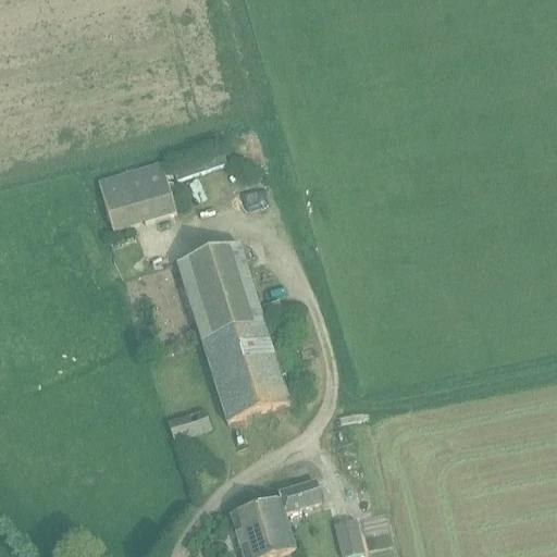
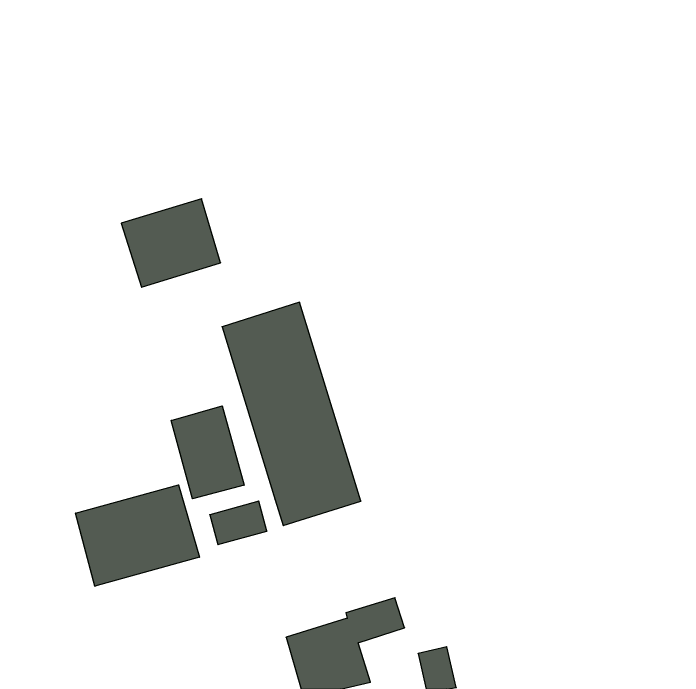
building: none -> [171,406,244,499]
building: none -> [76,485,199,586]

